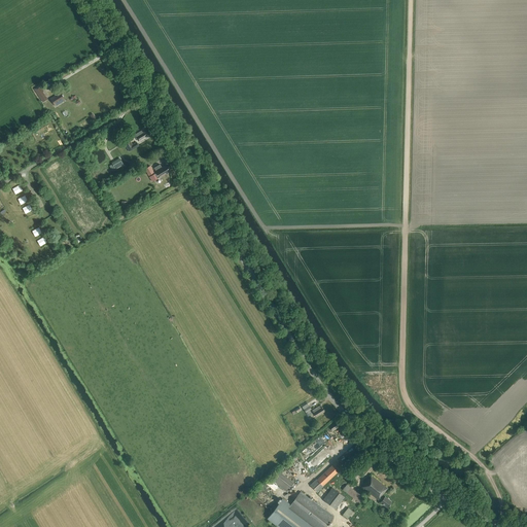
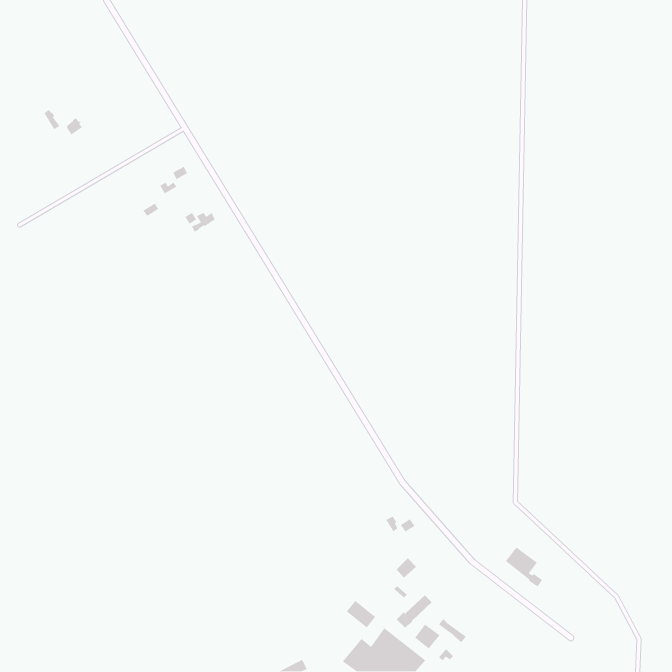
building: [362,476,392,507] -> [505,547,543,588]

